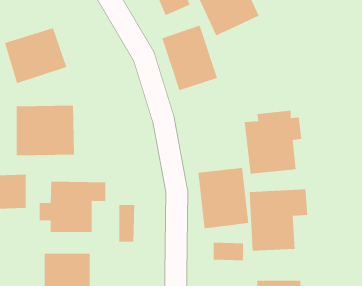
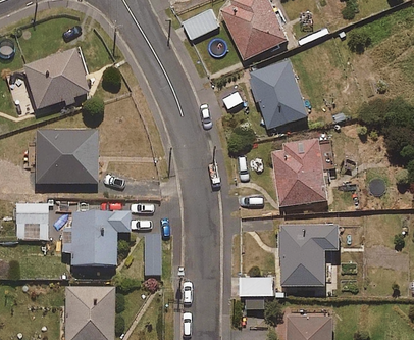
building: [161,25,218,91] -> [251,58,310,128]
building: [198,167,249,229] -> none

